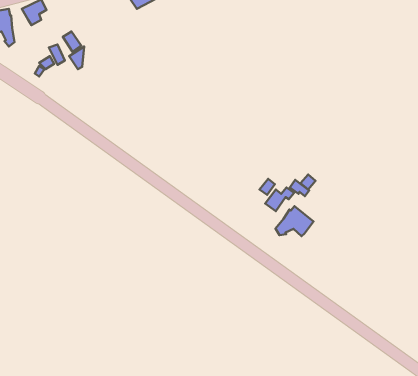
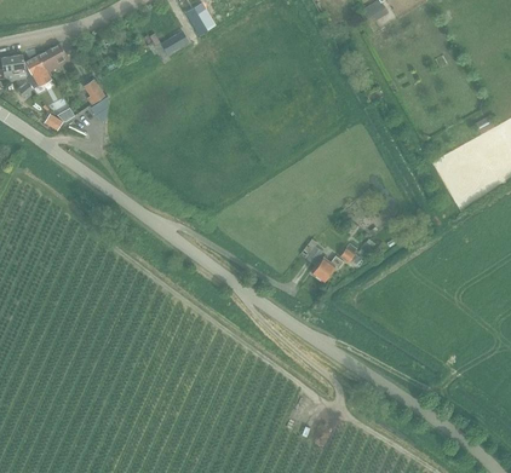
building: none -> [25,54,51,92]
building: [275,206,314,236] -> none

